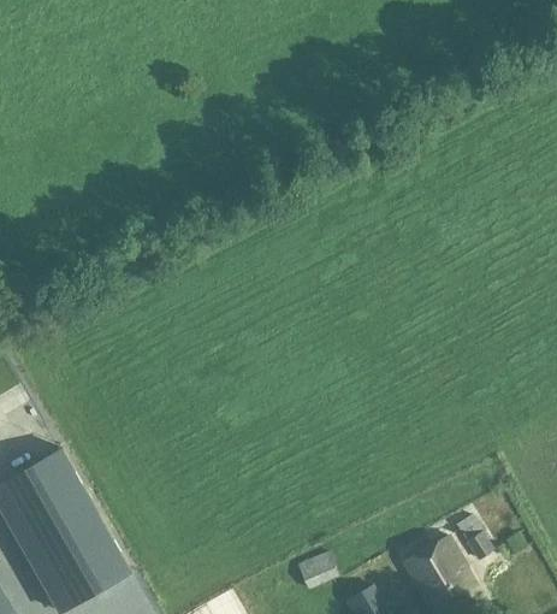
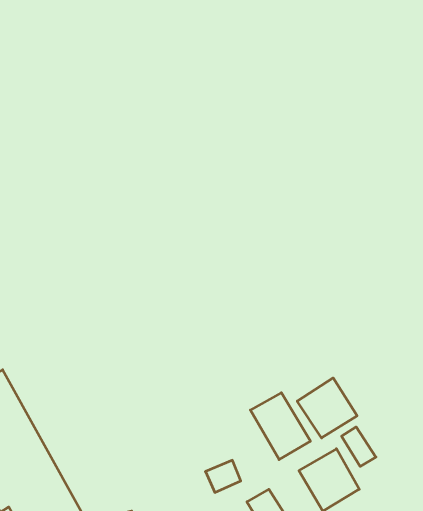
building: none -> [297,378,357,438]
building: none -> [250,393,310,460]

